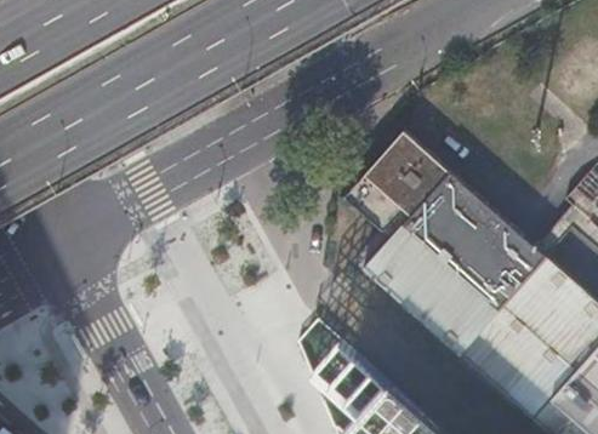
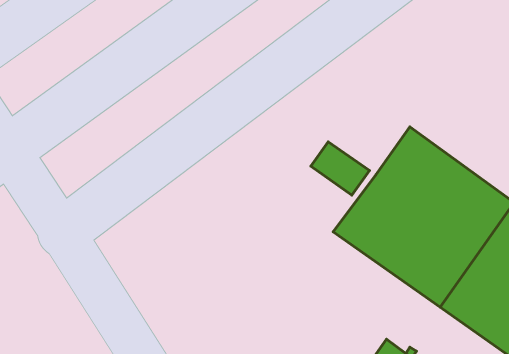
building: [369,136,455,221] -> none

